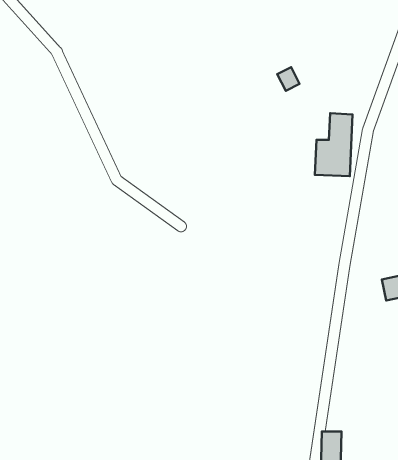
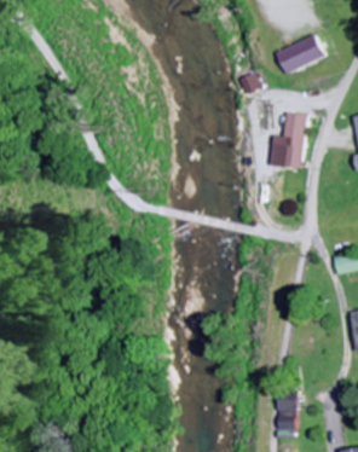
building: none -> [281,34,327,74]

